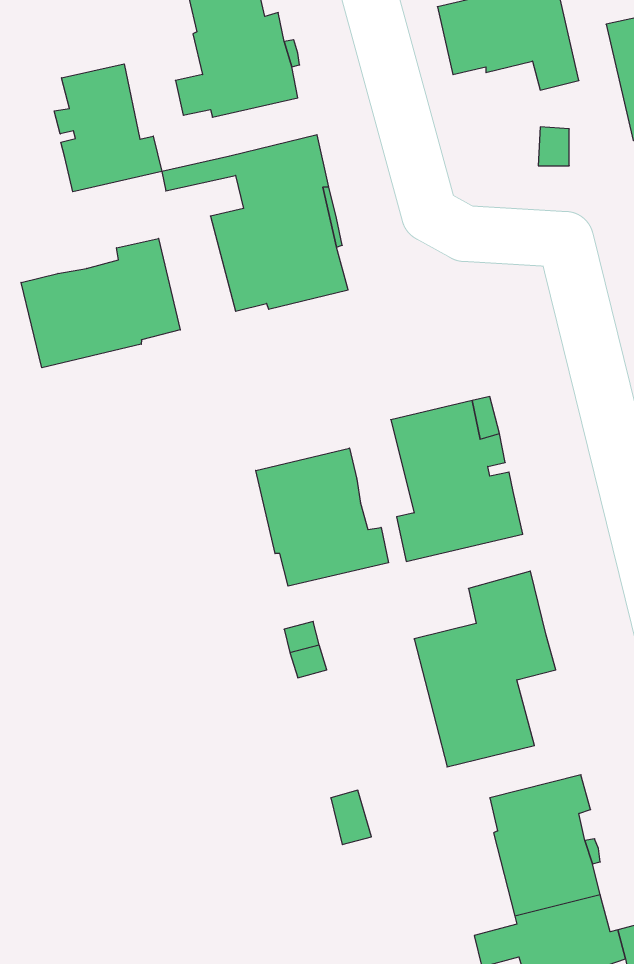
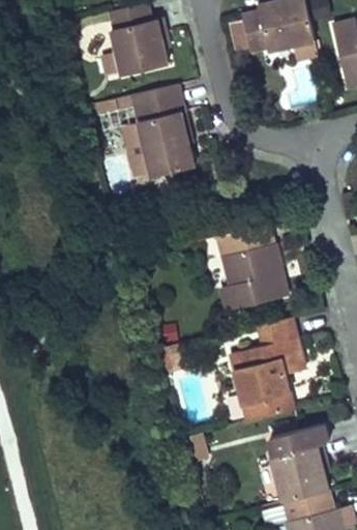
building: [54,64,162,192] -> none
building: [21,238,180,368] -> none
building: [256,448,388,586] -> none

